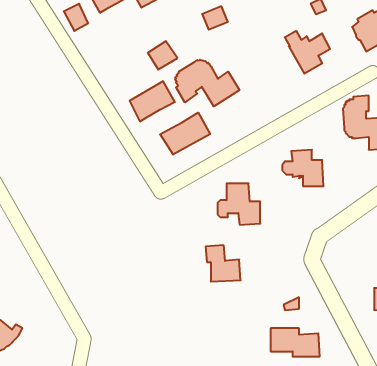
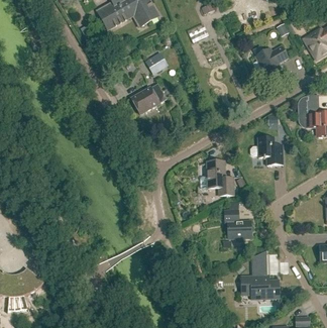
building: [175,60,239,106] -> none
building: [160,113,210,155] -> none
building: [206,245,241,282] -> [224,209,251,237]

